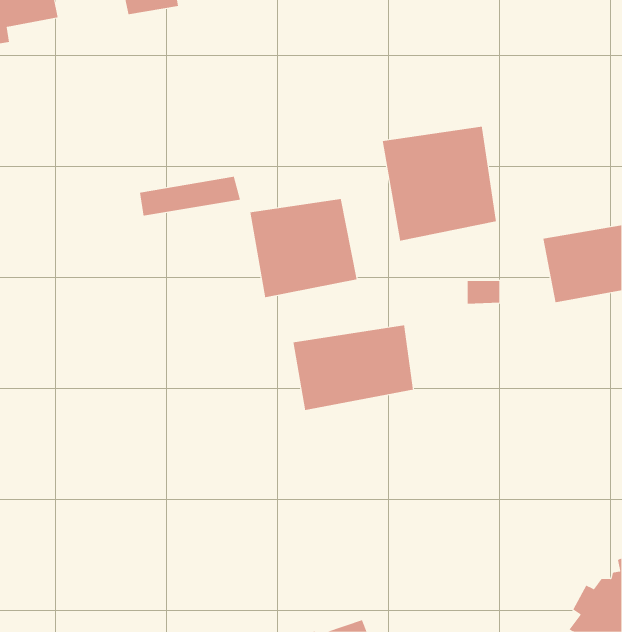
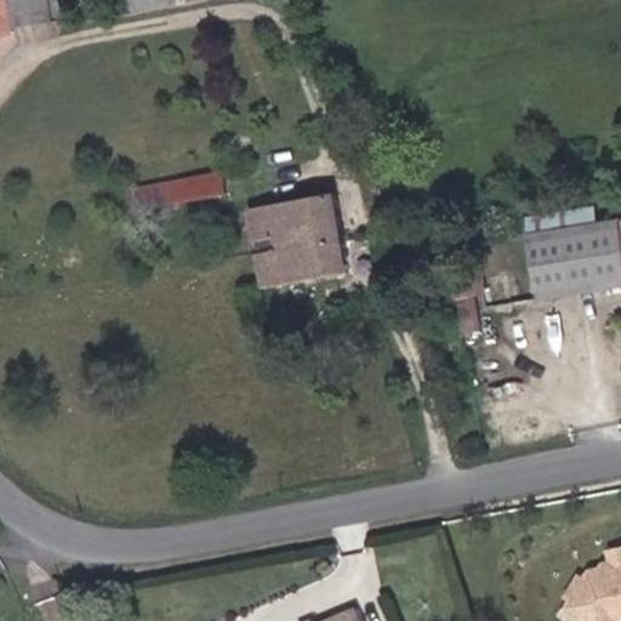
building: [382,126,497,241] -> none
building: [293,324,413,411] -> none

